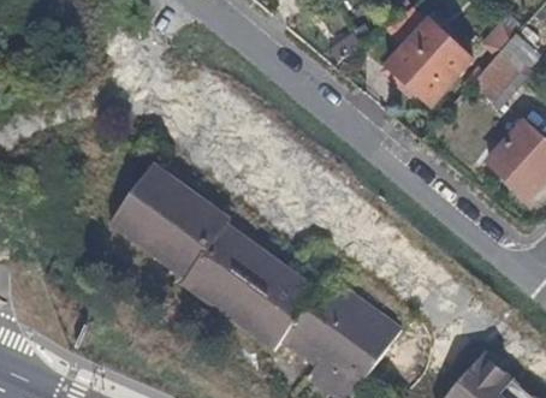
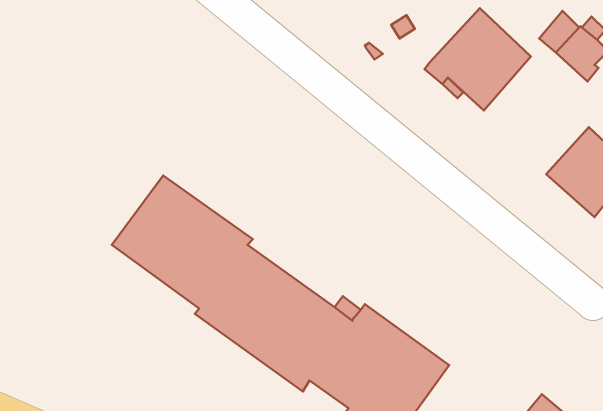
building: [471,55,523,107] -> none

